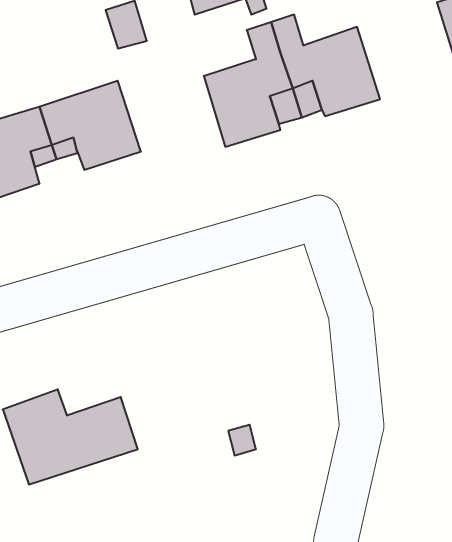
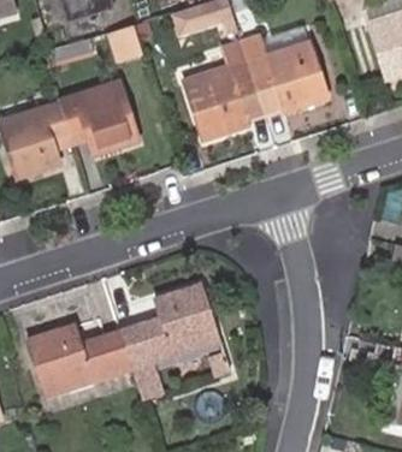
building: none -> [120,285,219,399]

